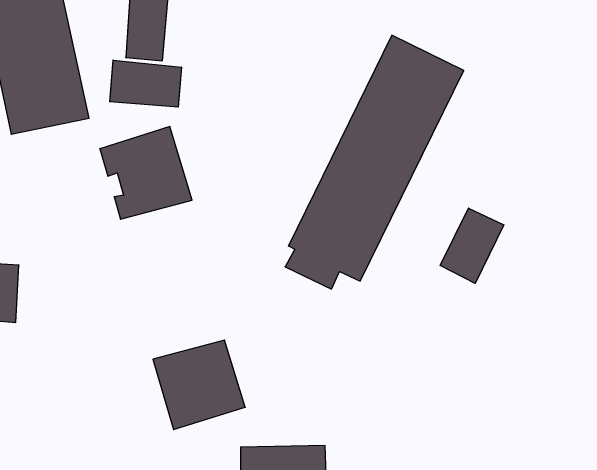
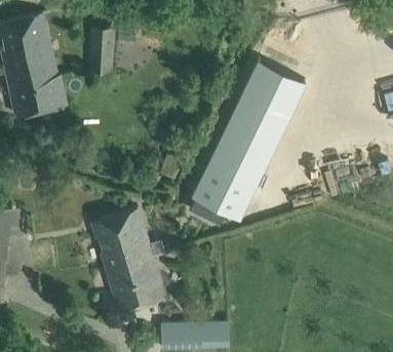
building: [110,60,181,107] -> none
building: [100,127,192,219] -> [92,207,152,267]
building: [440,208,504,283] -> none

